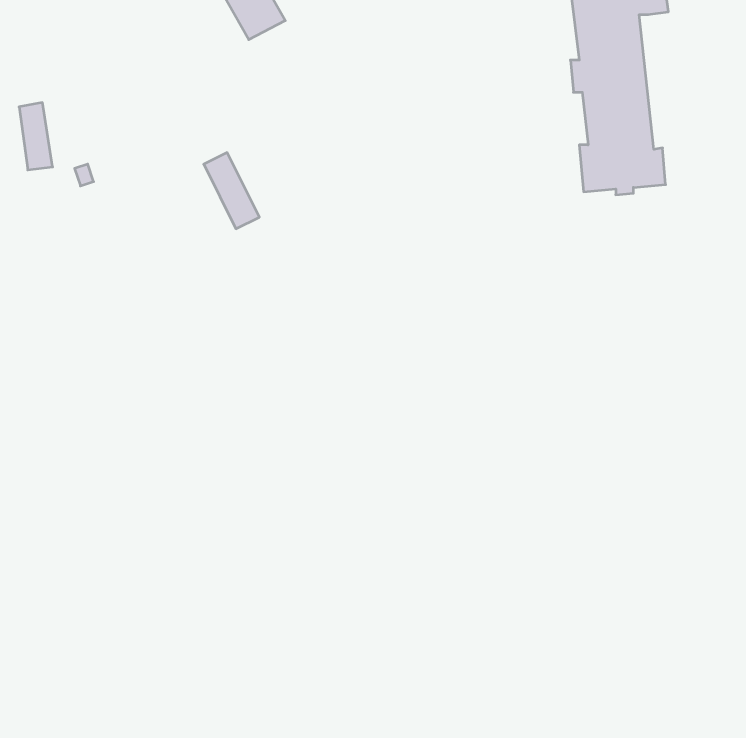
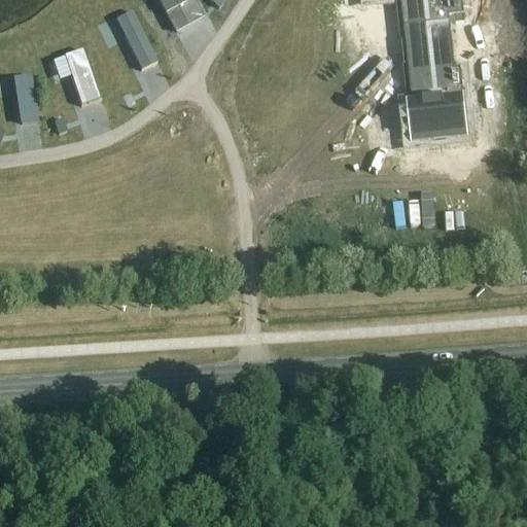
building: none -> [65,49,98,102]
building: [204,153,259,229] -> [116,13,155,67]

